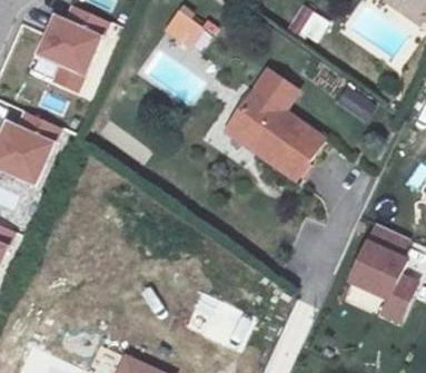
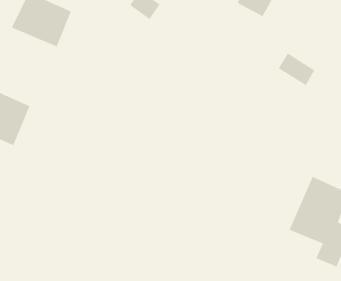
building: [225,69,320,175] -> none

